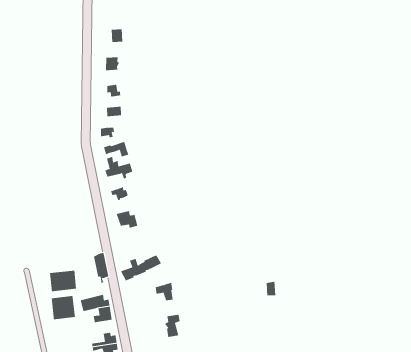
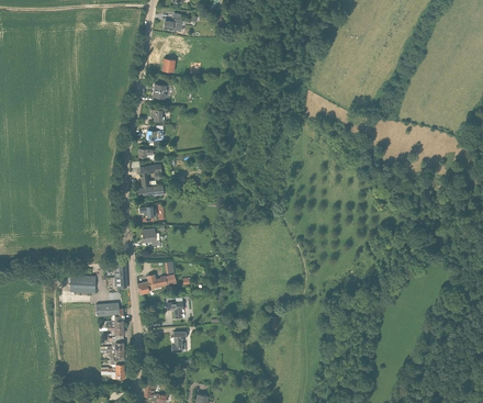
building: [51,295,75,320] -> none

